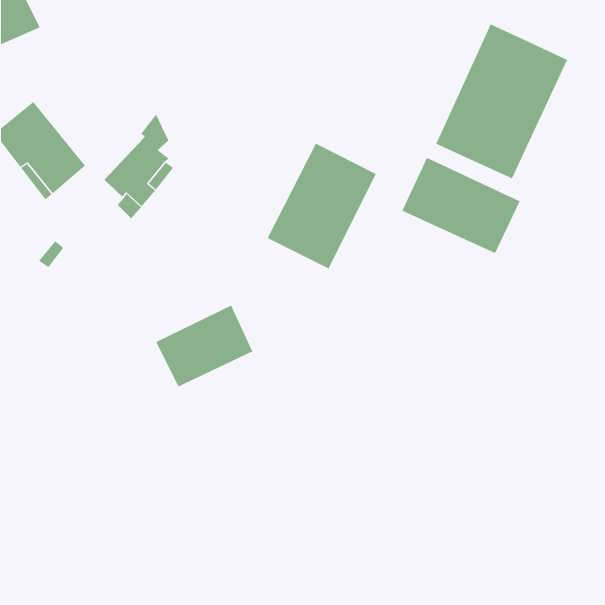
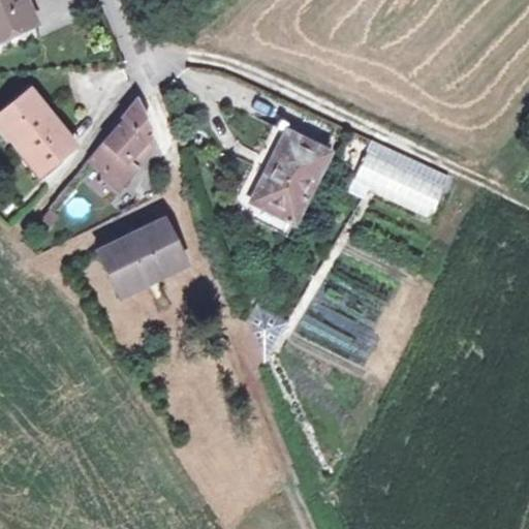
building: [436,23,568,179] -> none
building: [155,305,253,387] -> [100,219,185,290]

